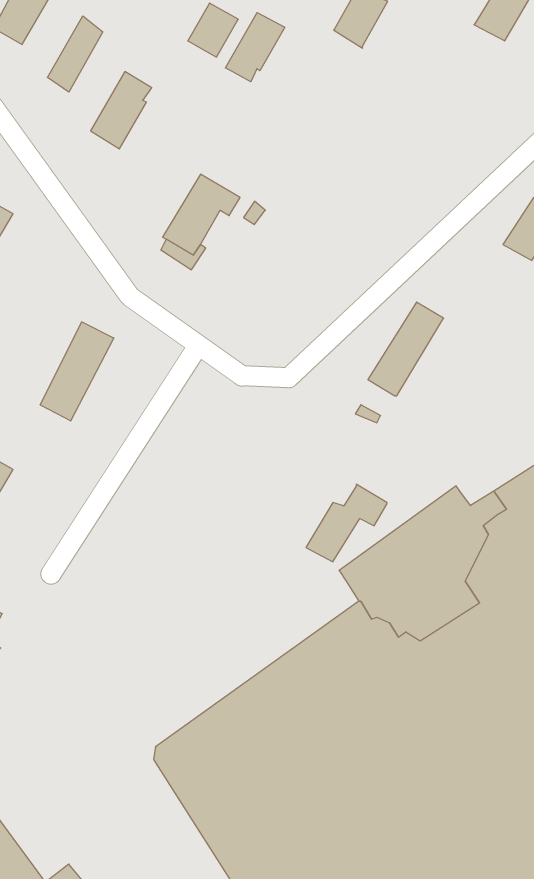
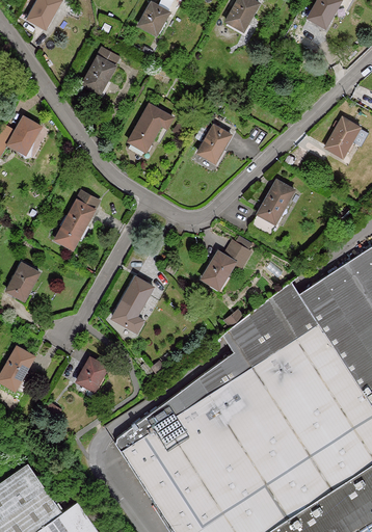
building: [225,13,285,82] -> none
building: [47,16,103,92] -> none
building: none -> [195,126,229,163]
building: none -> [112,275,150,328]
building: [306,484,387,562] -> [197,239,244,284]
building: none -> [77,358,107,391]

